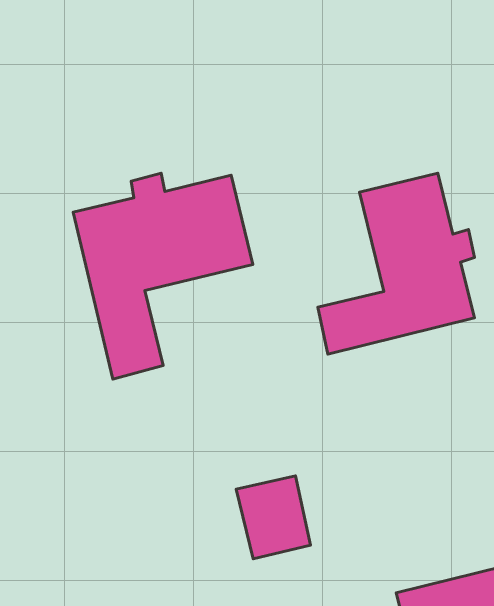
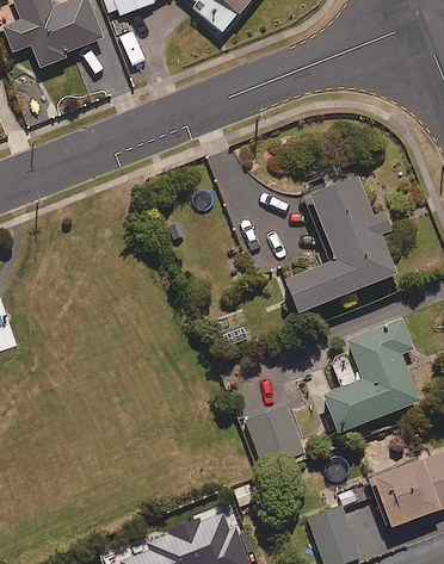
building: [73,173,253,379] -> none
building: none -> [322,311,420,433]

